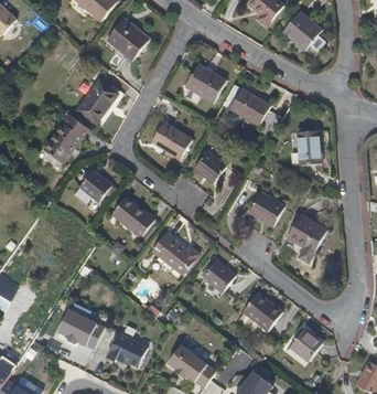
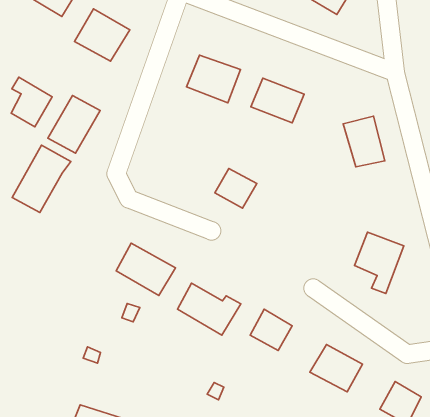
building: none -> [11,77,52,127]
building: [151,121,192,158] -> none
building: [79,170,111,201] -> none
building: [249,191,286,226] -> none

